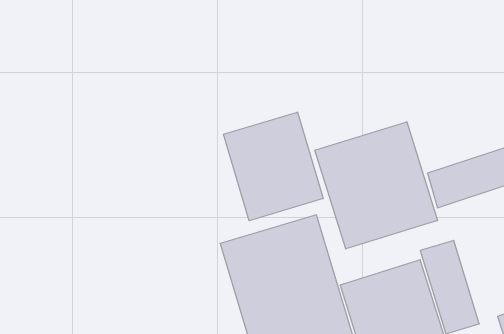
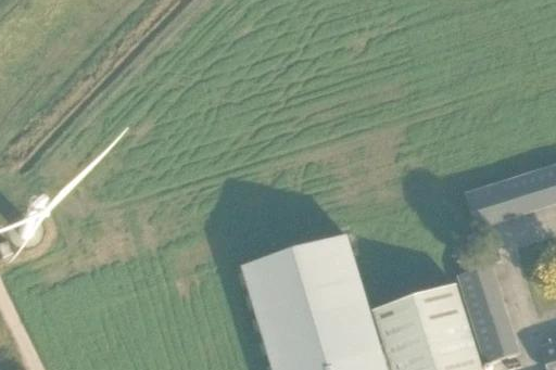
building: [224,112,323,221] -> none
building: [315,122,438,249] -> none

